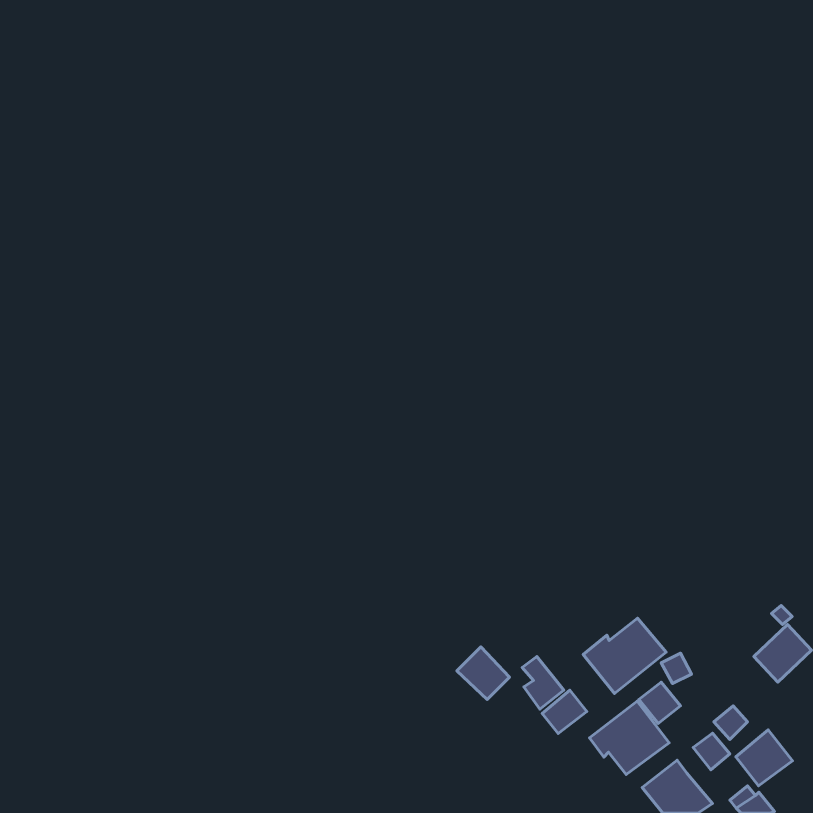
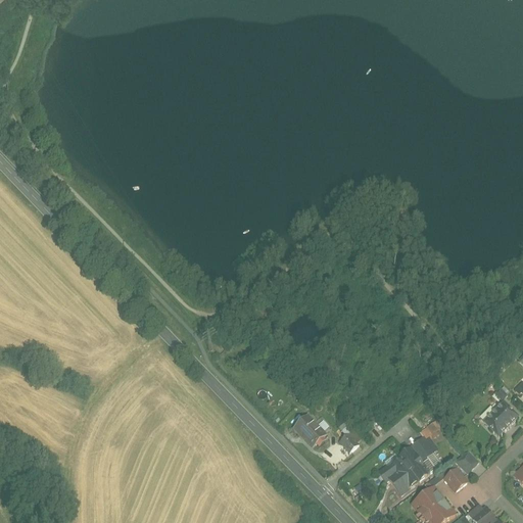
building: [583,618,666,694] -> none
building: [542,690,587,733] -> none
building: [736,730,792,786] -> none

